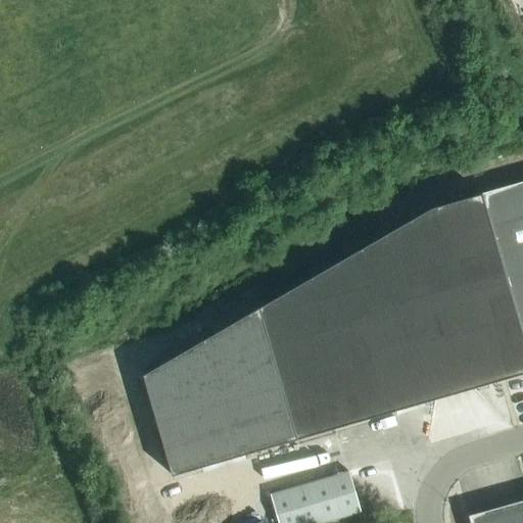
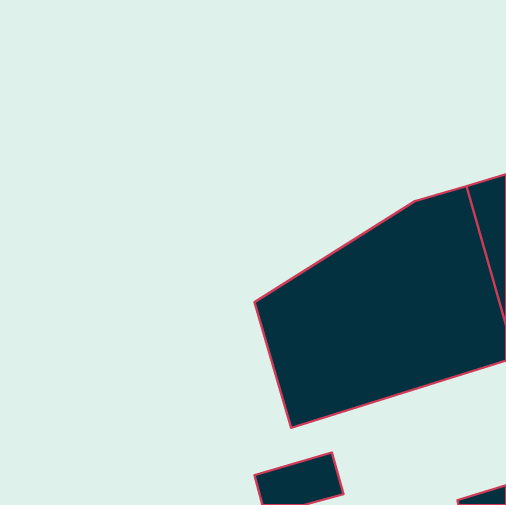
building: [152,312,300,476] -> none

